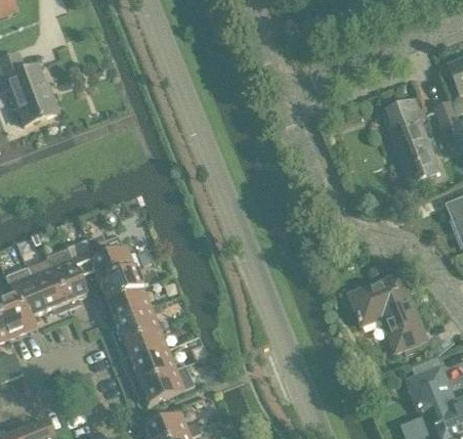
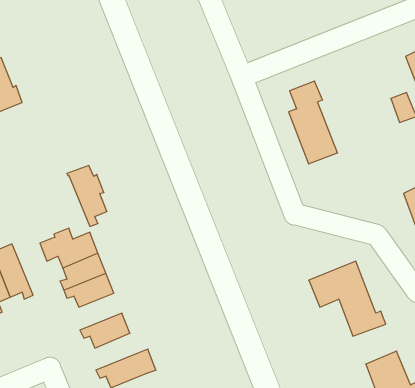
building: [390,99,440,184] -> [289,81,338,164]
building: [44,247,85,309] -> [67,166,107,226]
building: [113,307,159,345] -> none
building: [129,348,175,386] -> none

